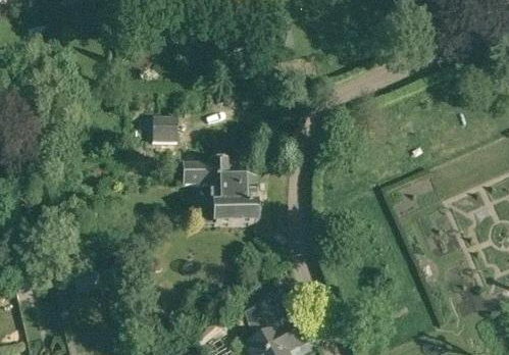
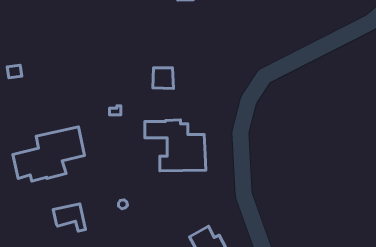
building: [153,116,179,142] -> [153,68,173,89]
building: none -> [13,127,85,181]

